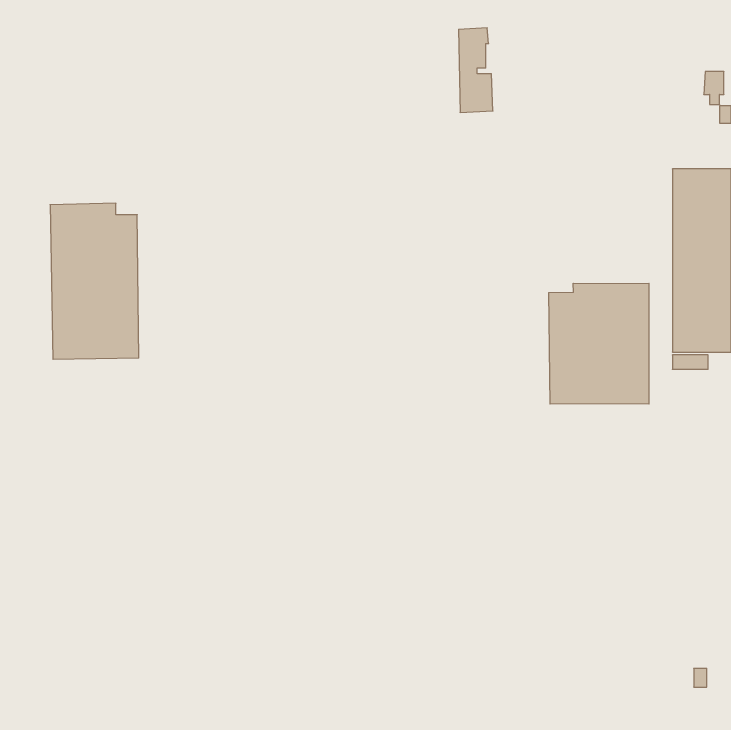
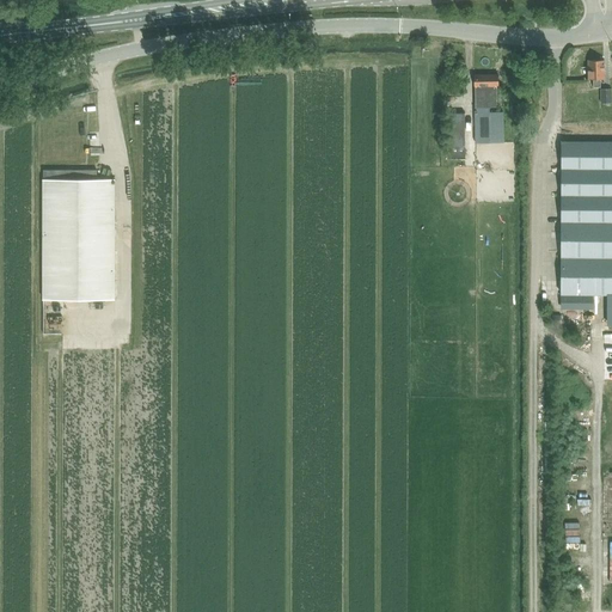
building: [459,28,493,112] -> [476,75,504,146]
building: [549,283,649,404] -> none

